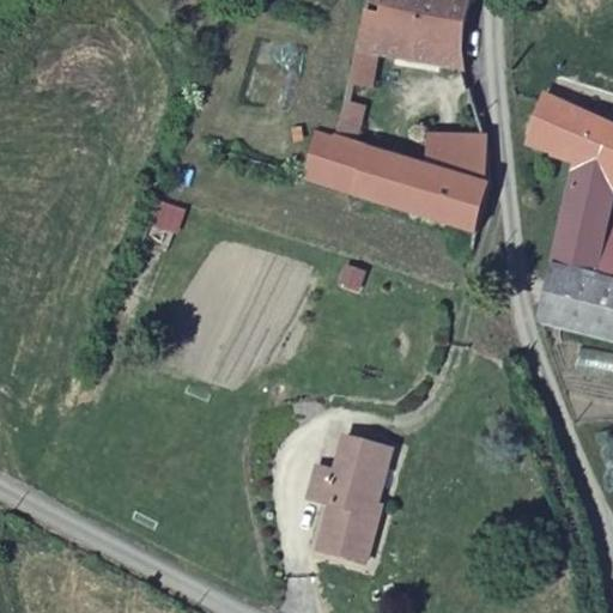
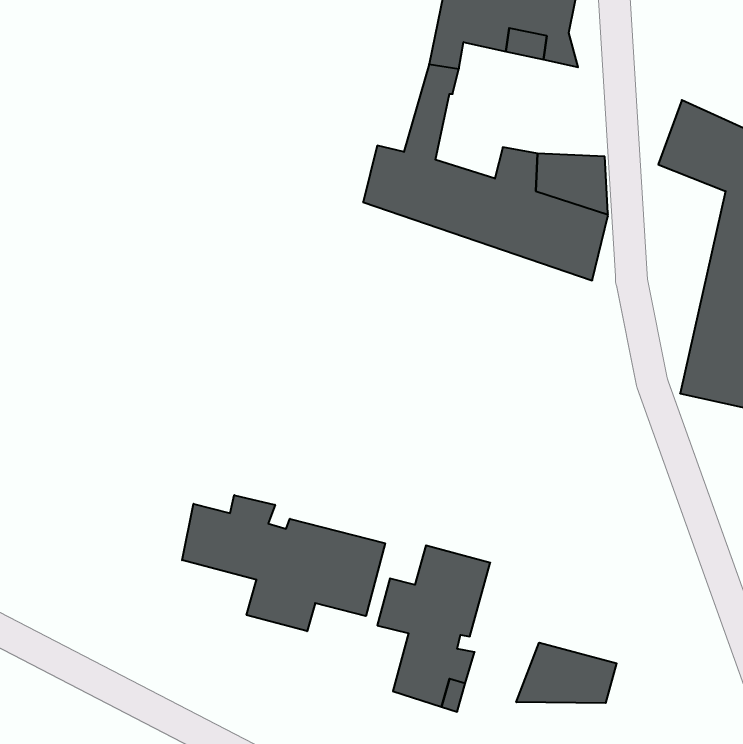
building: none -> [182,495,385,631]
building: none -> [516,643,617,703]

